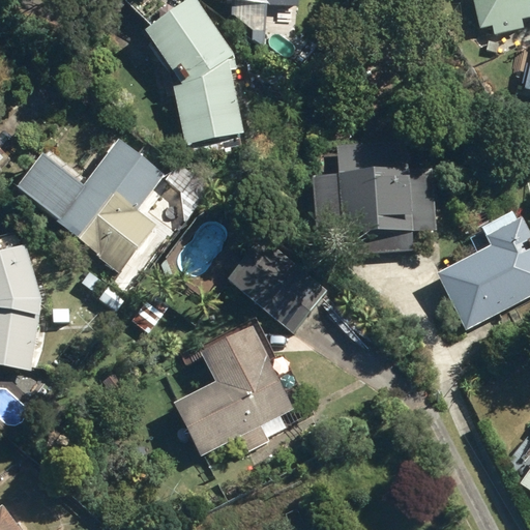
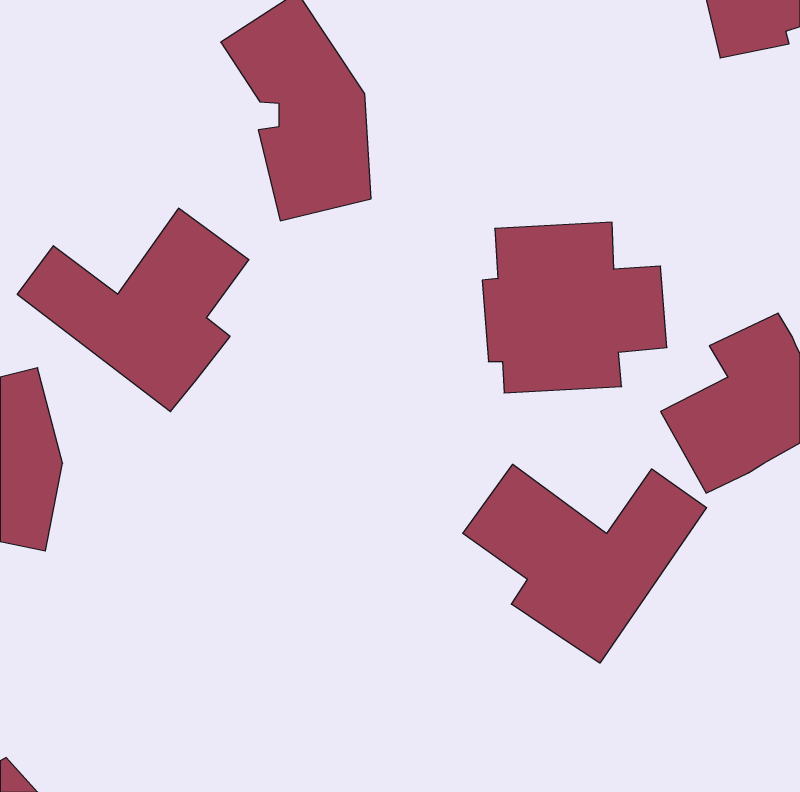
building: [228,248,324,335] -> none
building: none -> [463,464,707,663]
building: [178,317,300,448] -> none

